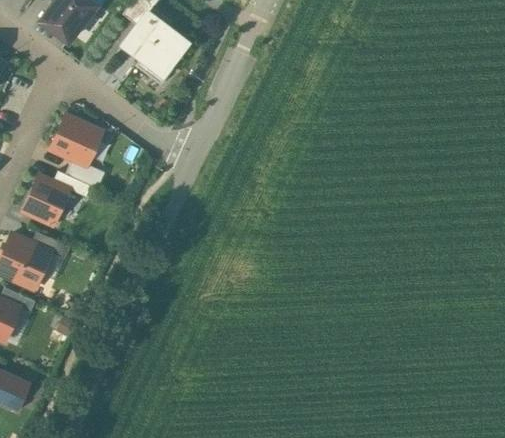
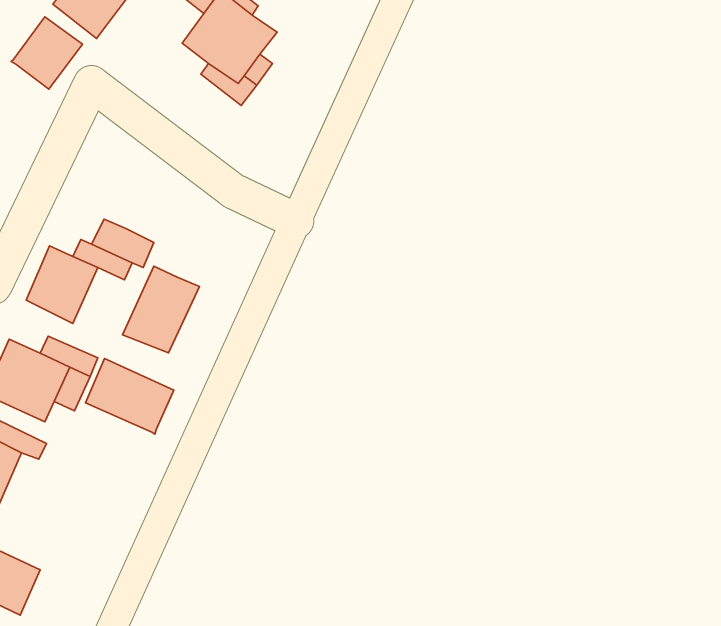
building: none -> [11,17,83,89]
building: [50,116,101,164] -> none
building: none -> [122,266,200,353]
building: none -> [86,358,174,434]

